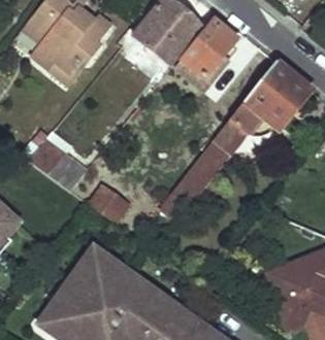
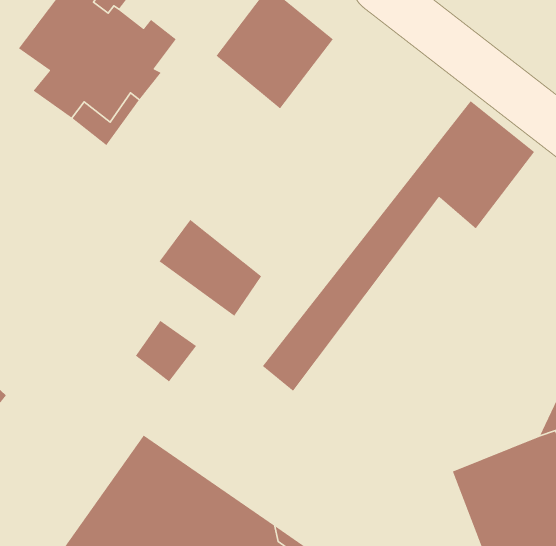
building: [182,21,236,79] -> none
building: [29,137,87,192] -> [159,219,262,317]

